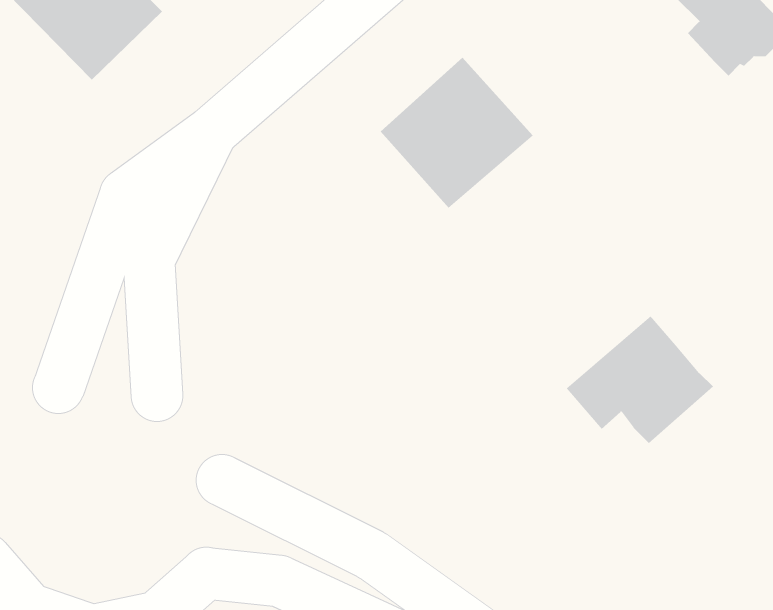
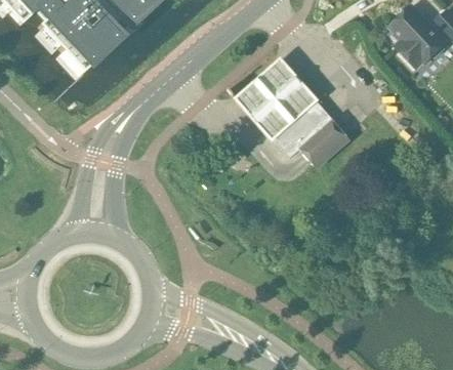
building: [566,316,714,444] -> [274,98,351,165]

